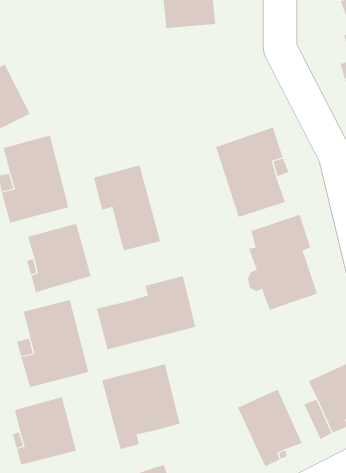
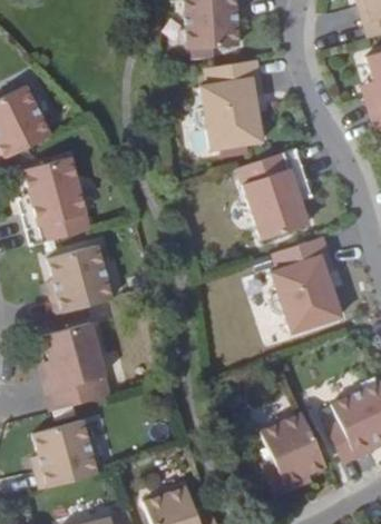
building: none -> [194,59,263,149]
building: [93,165,161,251] -> none
building: [96,275,196,350] -> none
building: [101,363,180,450] -> none

